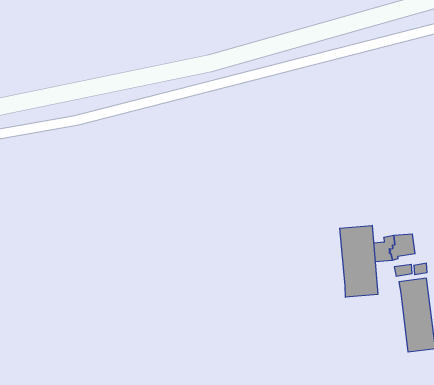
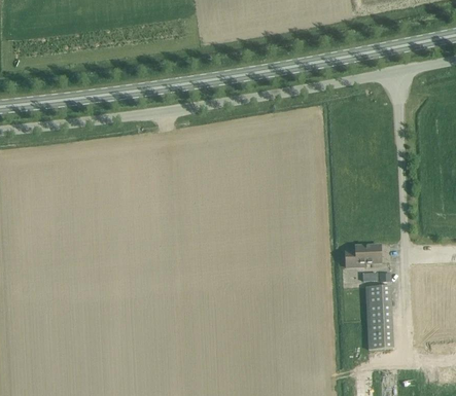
building: [340,225,378,297] -> none

